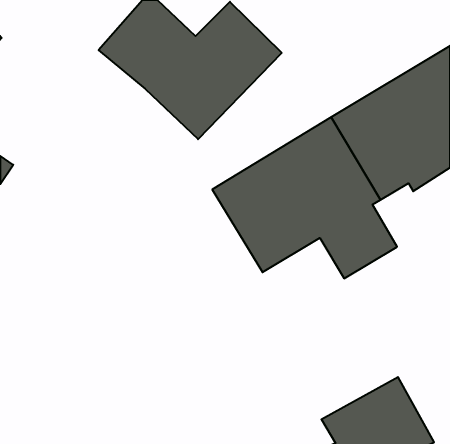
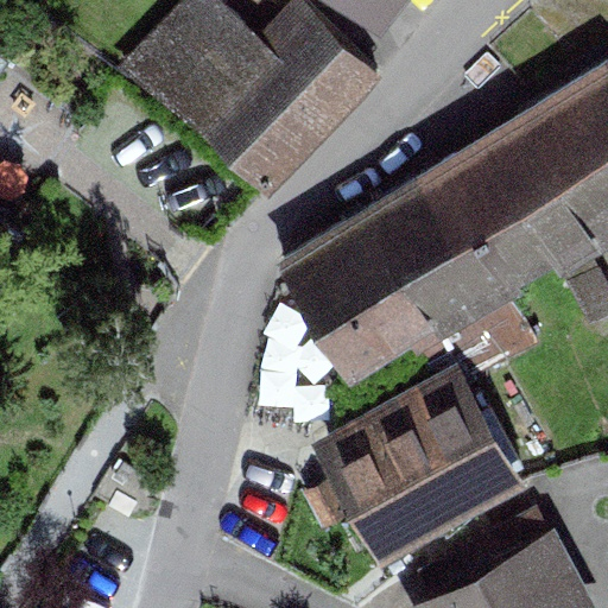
building: none -> [338,388,514,550]

